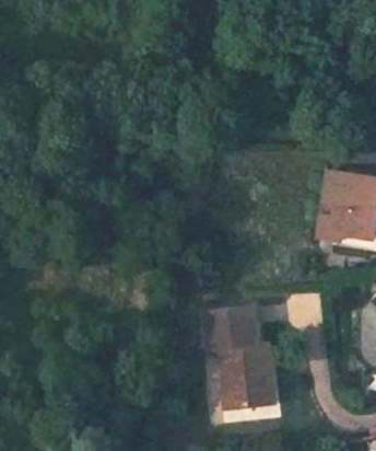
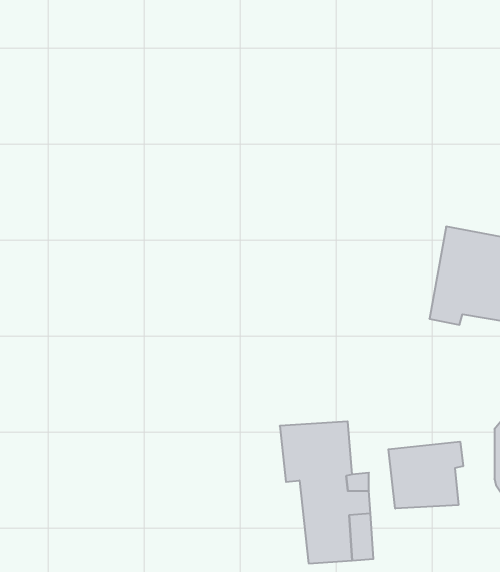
building: none -> [388,442,463,509]

